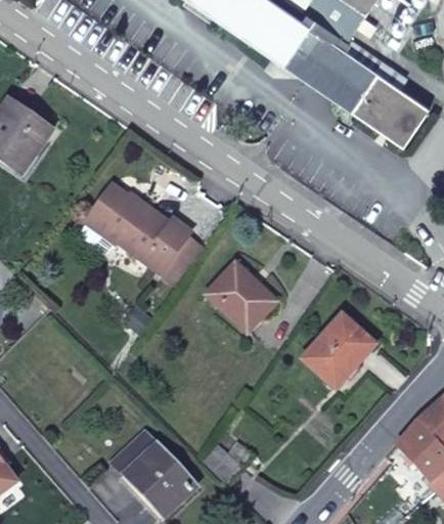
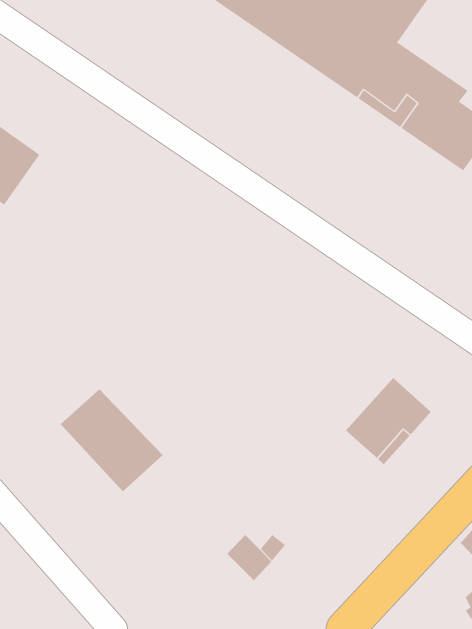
building: [90,185,203,283] -> none
building: [206,261,276,331] -> none
building: [110,430,196,516] -> [60,388,164,492]

